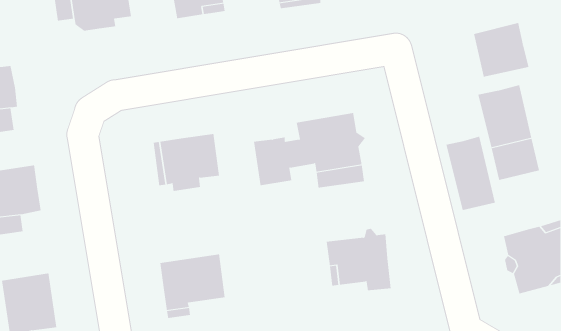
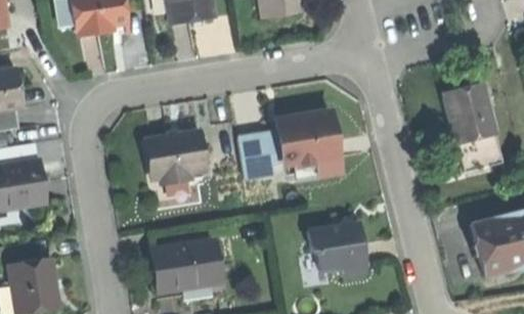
building: [473,22,529,77] -> none
building: [446,136,495,211] -> none

